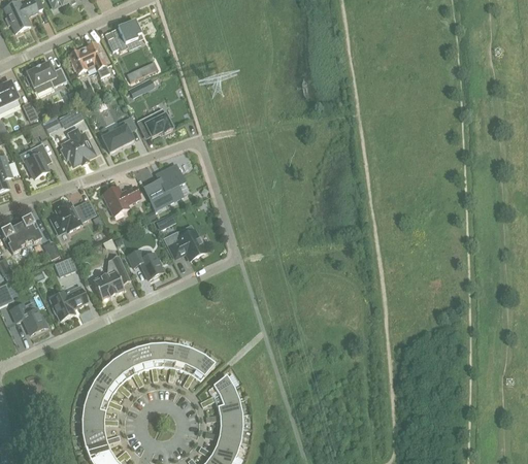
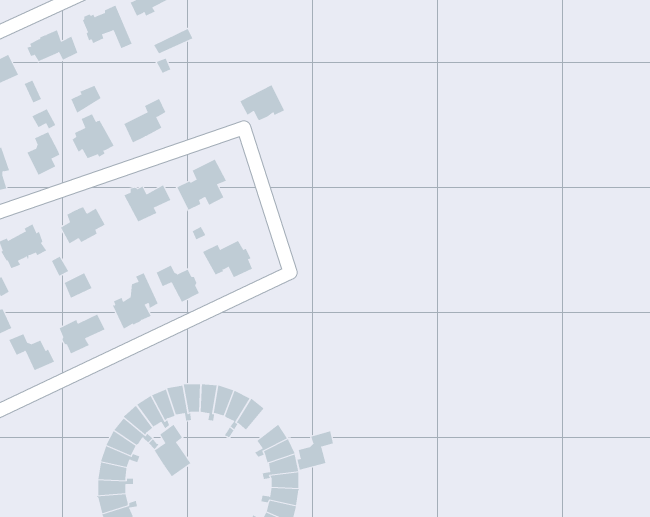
building: [135,107,171,136] -> [239,84,285,121]
building: none -> [154,424,191,477]
building: none -> [297,431,333,470]

